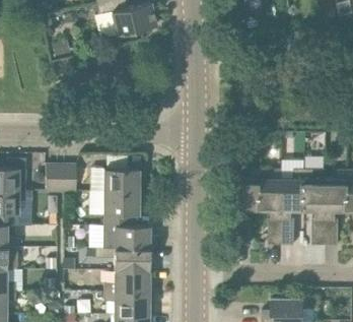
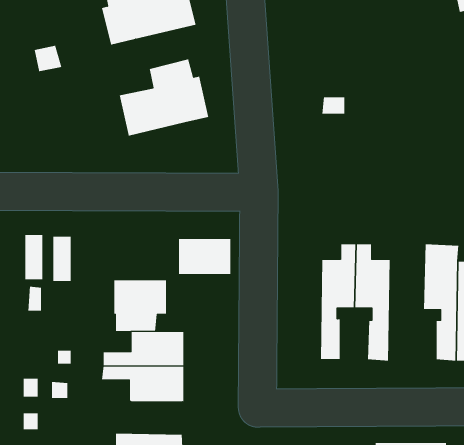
building: none -> [119,59,209,136]
building: [103,169,138,192] -> [178,238,231,274]
building: [282,169,305,245] -> none
building: [104,271,148,293] -> none

